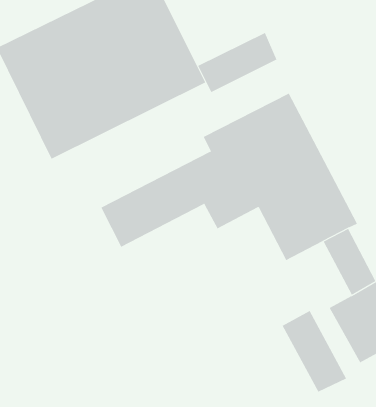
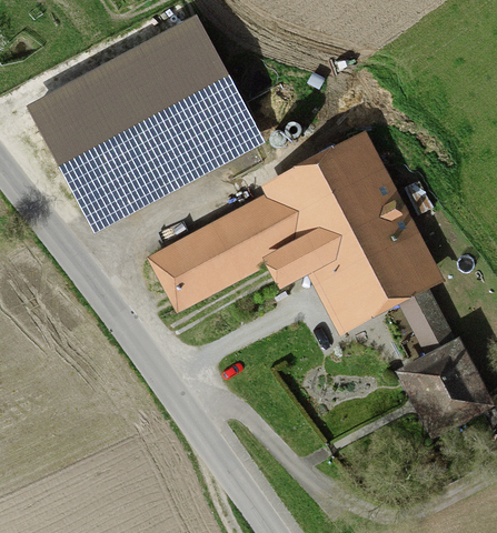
building: [198,32,277,93] -> none
building: [282,310,347,392] -> none

